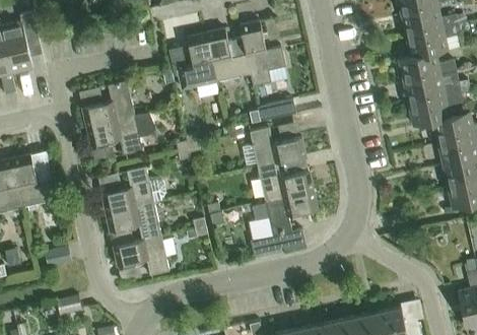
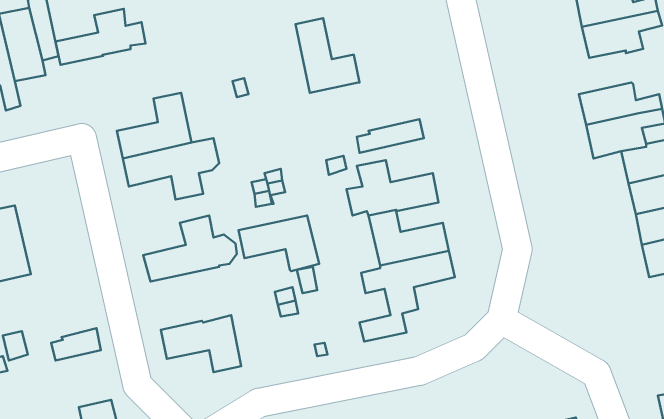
building: [241,21,286,86] -> none
building: none -> [55,9,146,65]
building: [178,34,217,89] -> none
building: [399,52,457,82] -> none
building: [12,154,58,207] -> none
building: [107,202,162,241] -> [239,216,319,271]

